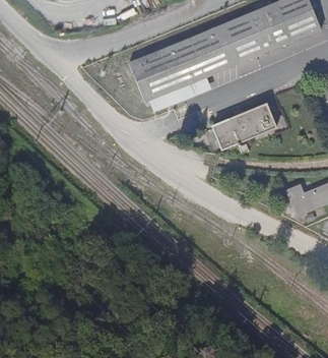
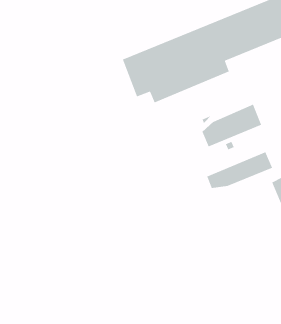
building: none -> [206,151,273,189]

